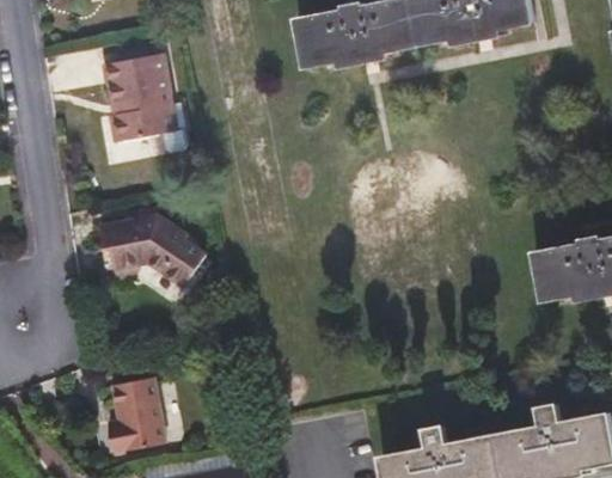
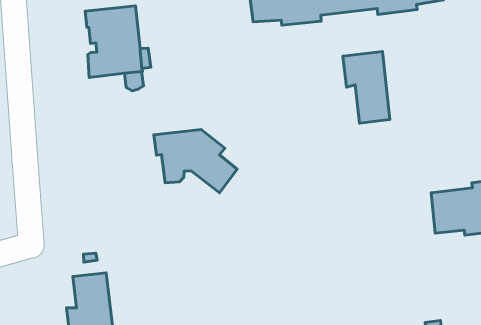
building: none -> [343,51,390,123]
building: [100,214,203,288] -> [154,129,237,193]

